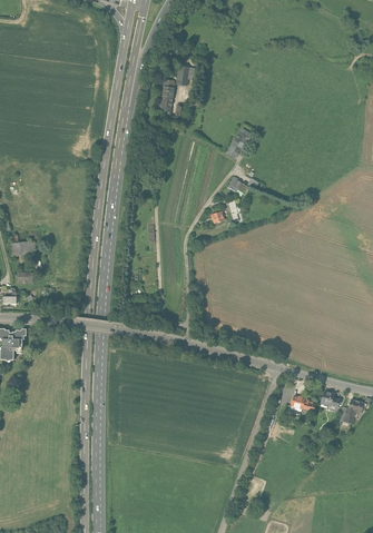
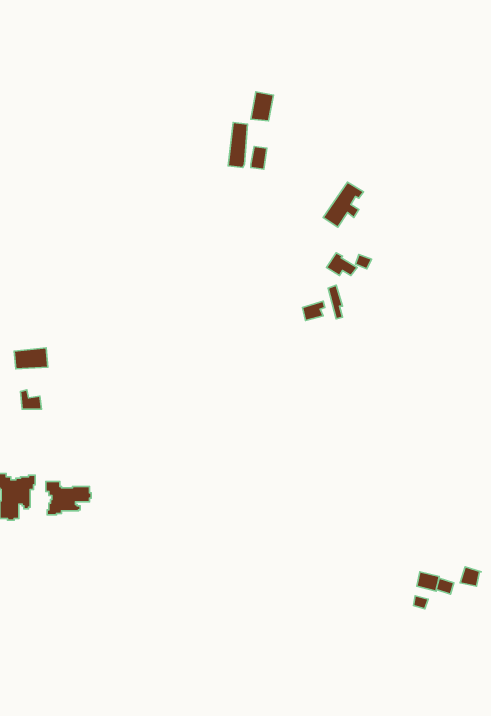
building: none -> [46,481,91,515]

